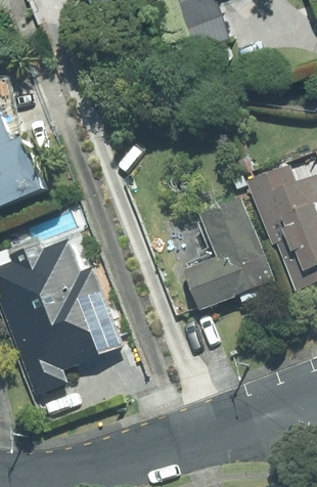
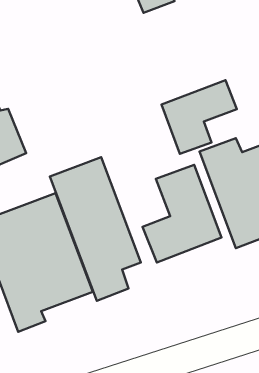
building: none -> [161,80,237,154]
building: none -> [50,157,141,301]

